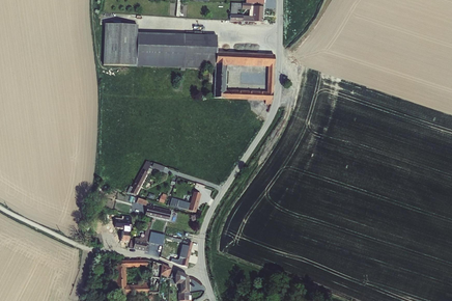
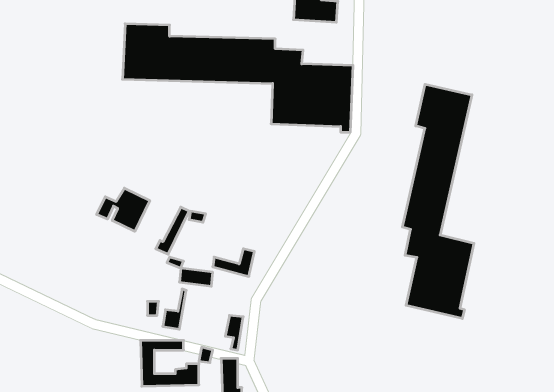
building: none -> [402,84,474,319]
building: none -> [97,188,150,231]

